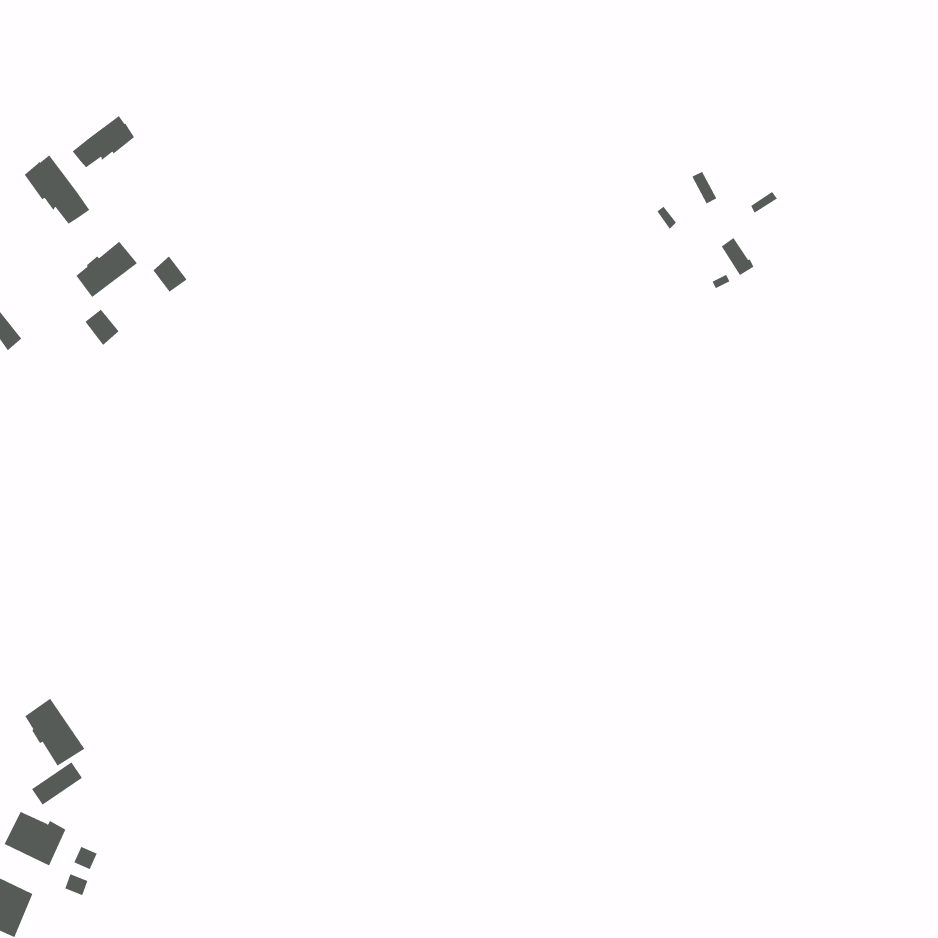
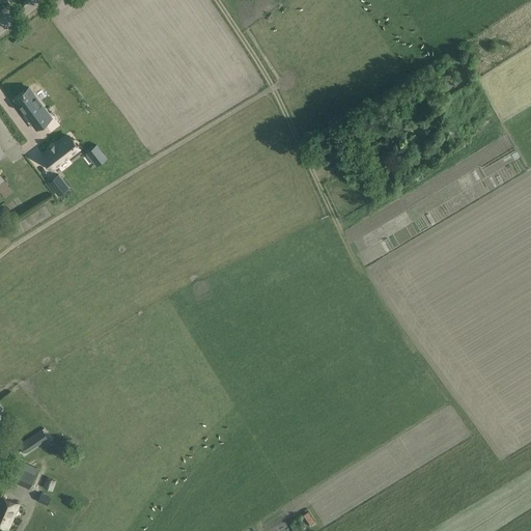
building: [72,115,135,168] -> none
building: [24,698,85,766] -> none

